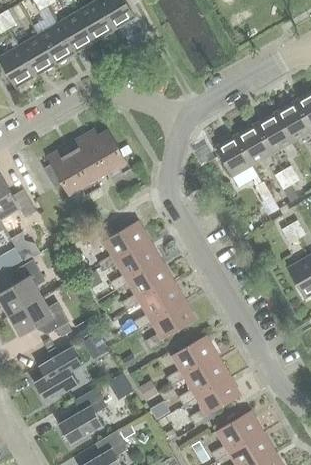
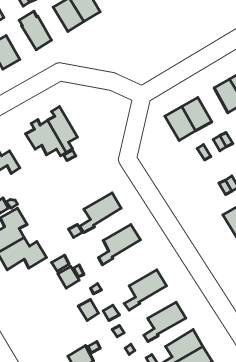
building: [57,11,94,52] -> none
building: [18,34,55,76] -> none
building: [255,111,292,153] -> none
building: [84,128,130,173] -> none
building: [97,220,149,271] -> none
building: [120,260,172,310] -> none
building: [144,299,196,349] -> none
building: [33,346,81,403] -> none
building: [176,356,228,406] -> none
building: [57,388,106,444] -> none

